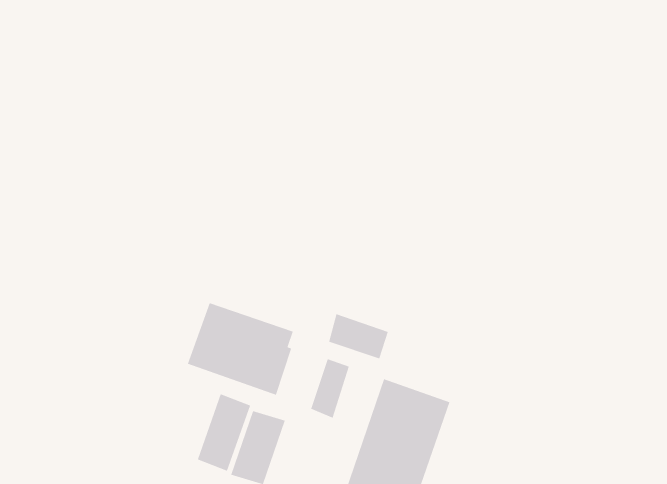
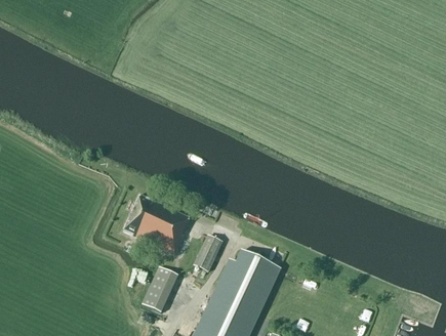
building: [328,313,389,359] -> none
building: [197,393,251,472] -> none

